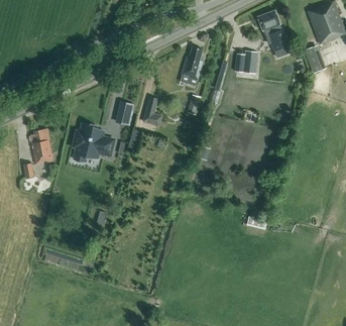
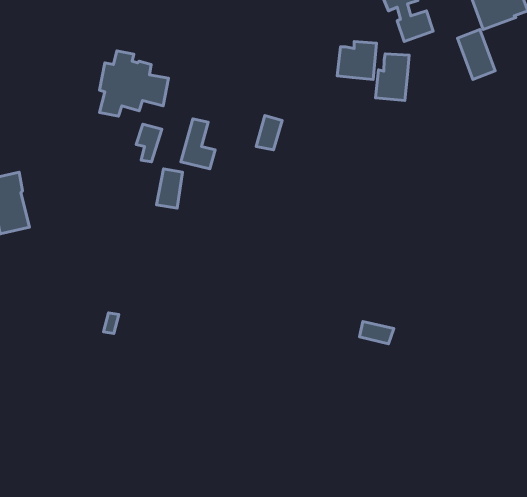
building: [182,46,203,80] -> none
building: none -> [375,54,409,101]
building: [73,122,113,160] -> [100,51,168,116]

